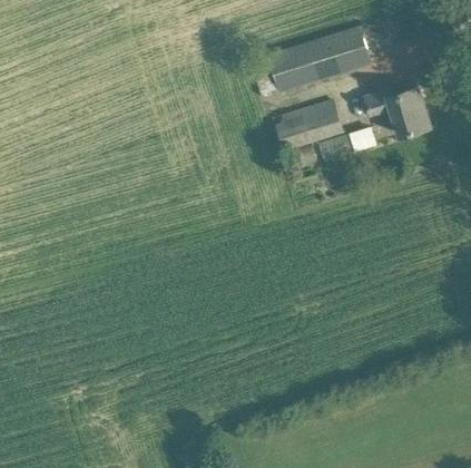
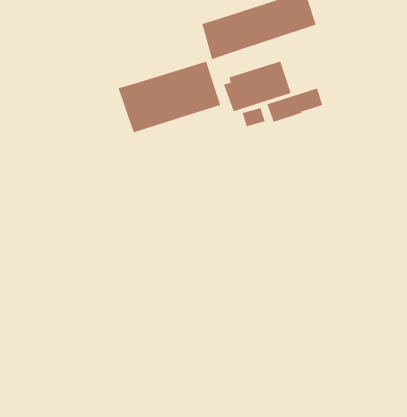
building: [366,87,431,135] -> none
building: none -> [118,61,221,133]

